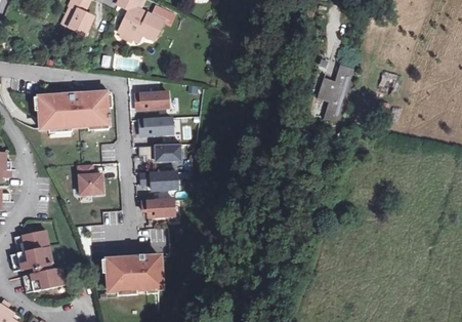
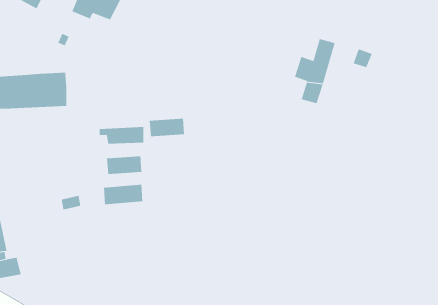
building: [136,91,168,109] -> none
building: [139,117,173,134] -> [149,118,185,137]
building: [78,163,102,194] -> none
building: [107,253,161,289] -> none

